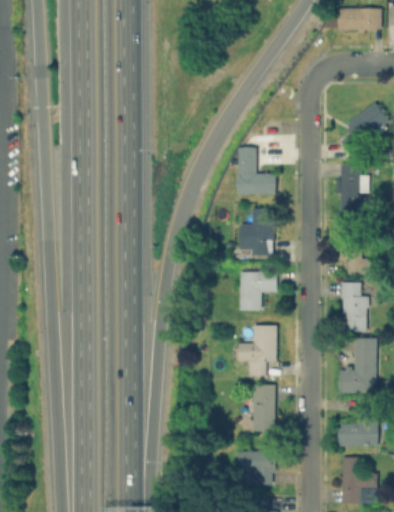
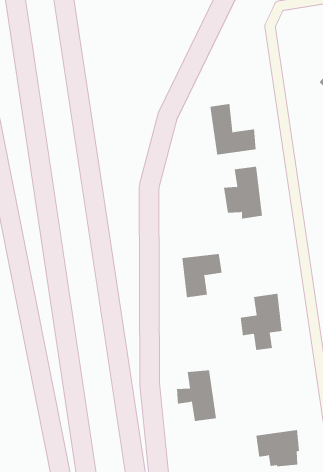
building: [240,273,276,310] -> [182,253,222,298]
building: [240,385,274,431] -> [176,370,217,422]

